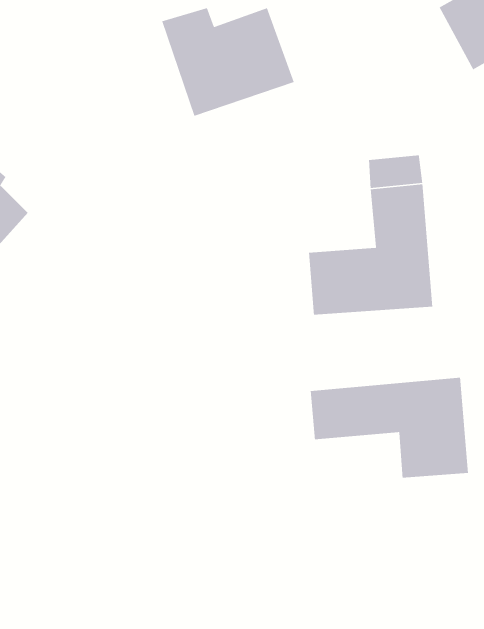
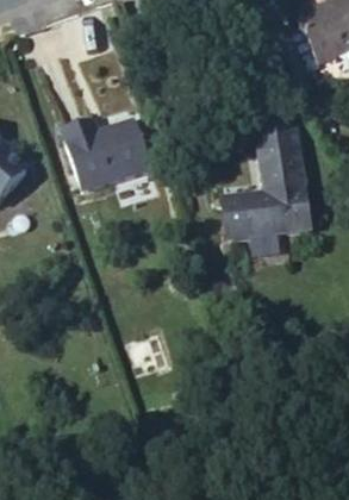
building: [161,7,295,117] -> [60,118,152,194]
building: [310,377,469,479] -> none

